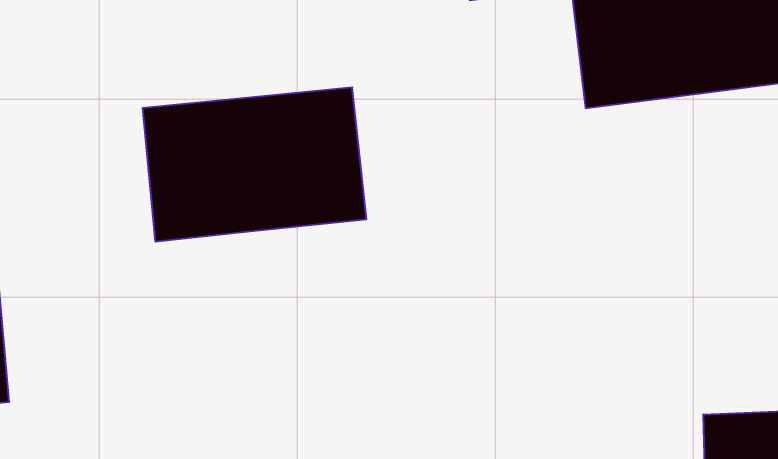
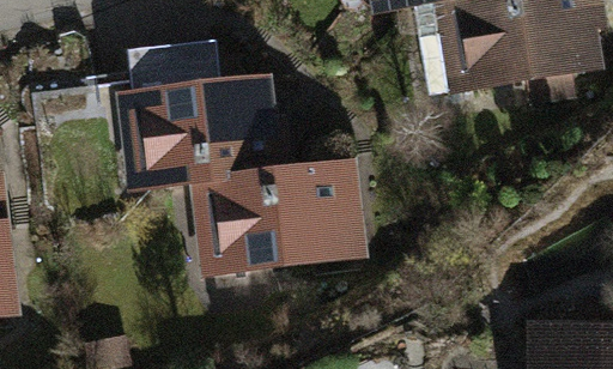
building: none -> [190,162,365,273]

